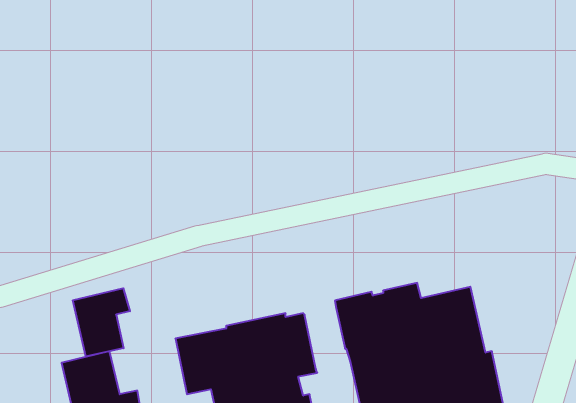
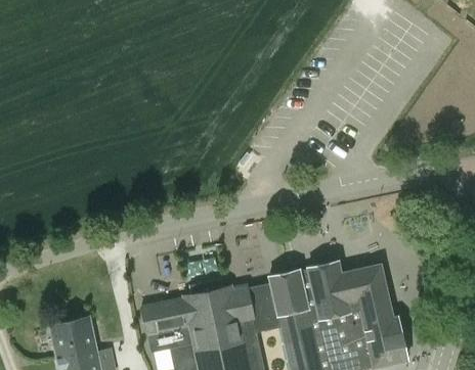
building: [73,288,130,357] -> none
building: none -> [247,282,284,331]

